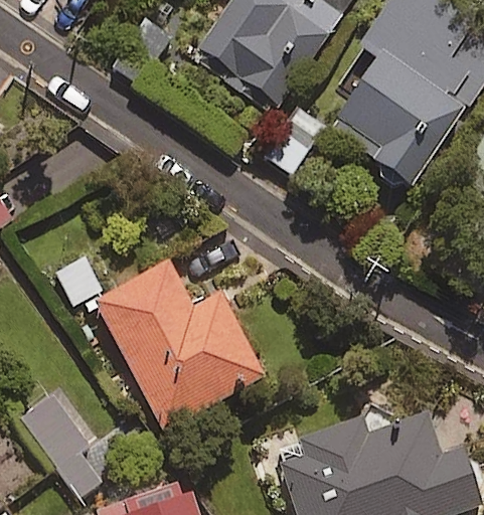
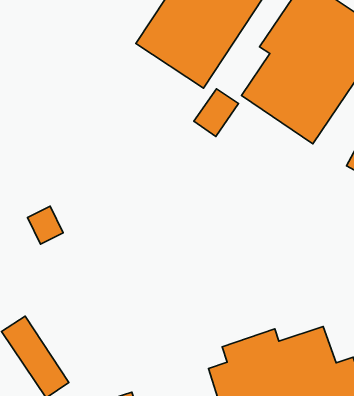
building: [91,262,267,433] -> none

